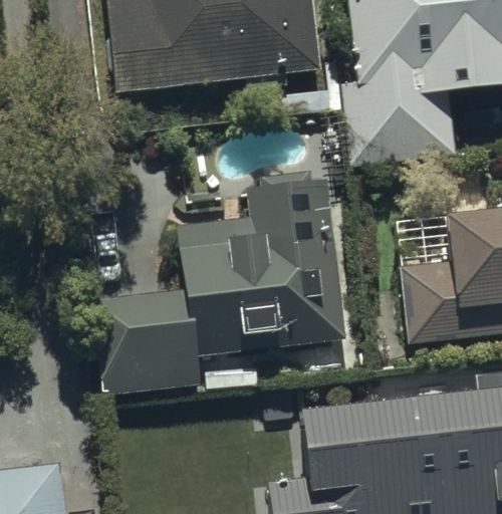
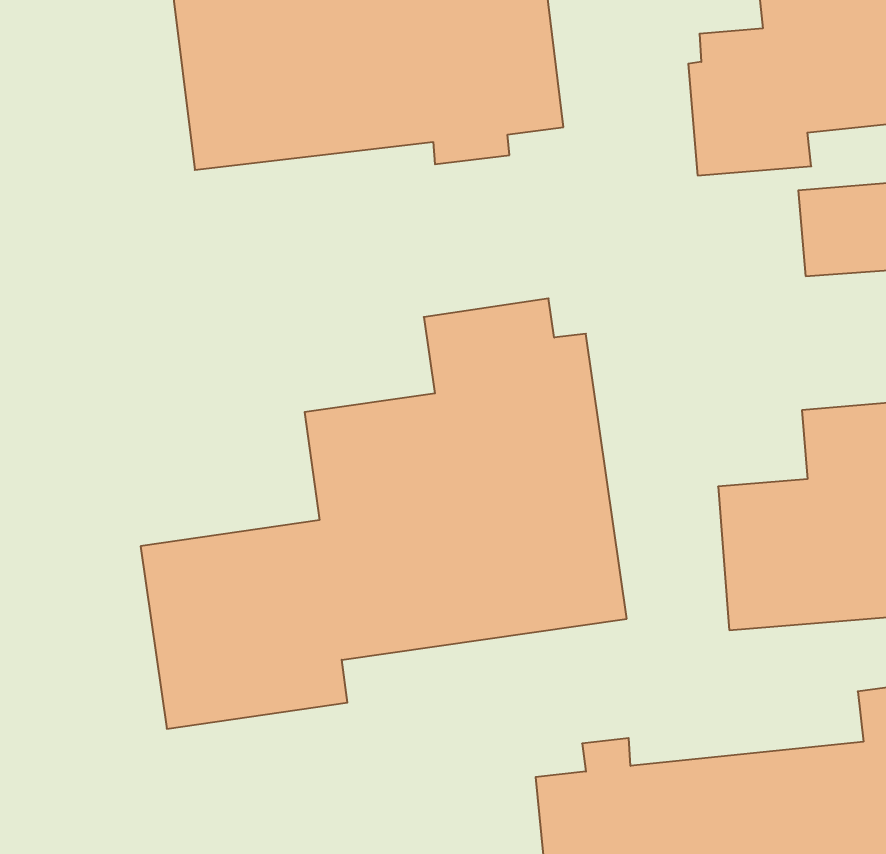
building: [347,101,446,169] -> none

